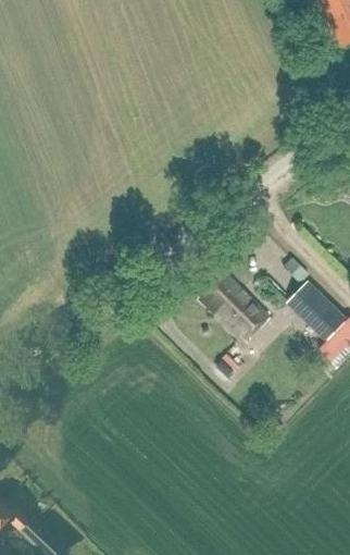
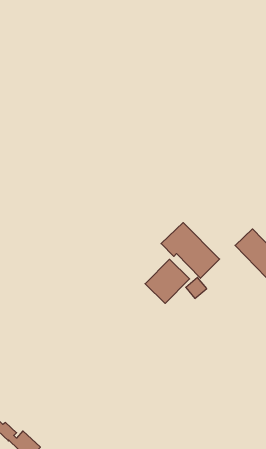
building: none -> [145,259,190,303]

